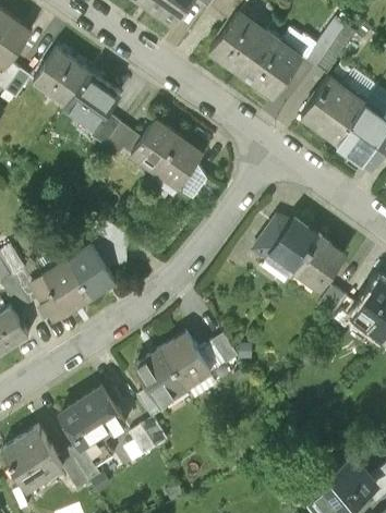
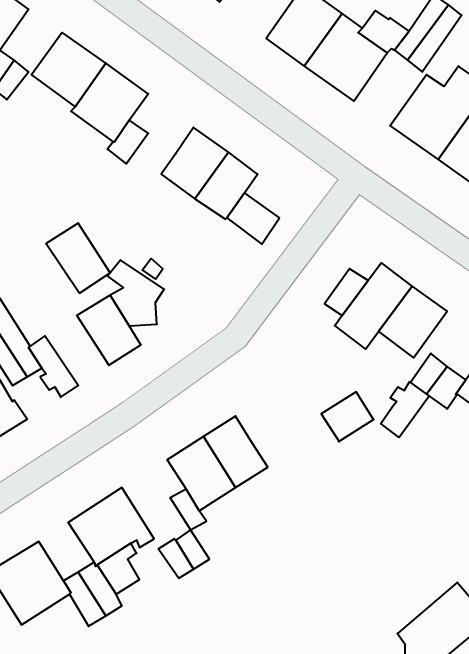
building: [104,122,141,155] -> none
building: [43,258,91,310] -> [46,223,110,293]
building: none -> [381,382,429,437]
building: [197,337,237,374] -> [321,392,374,442]

